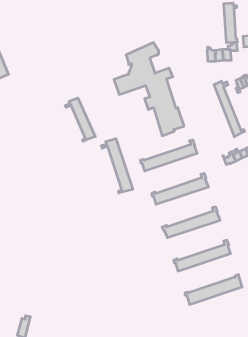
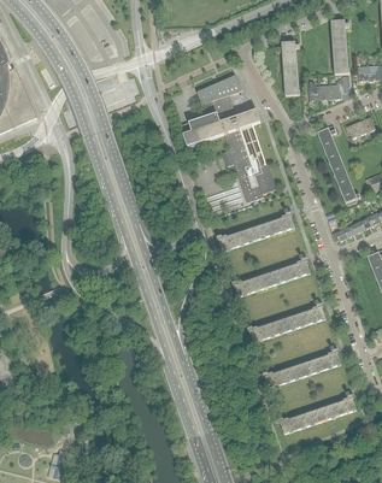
building: none -> [281,42,299,95]
building: [65,98,95,141] -> none
building: [101,139,133,193] -> none

